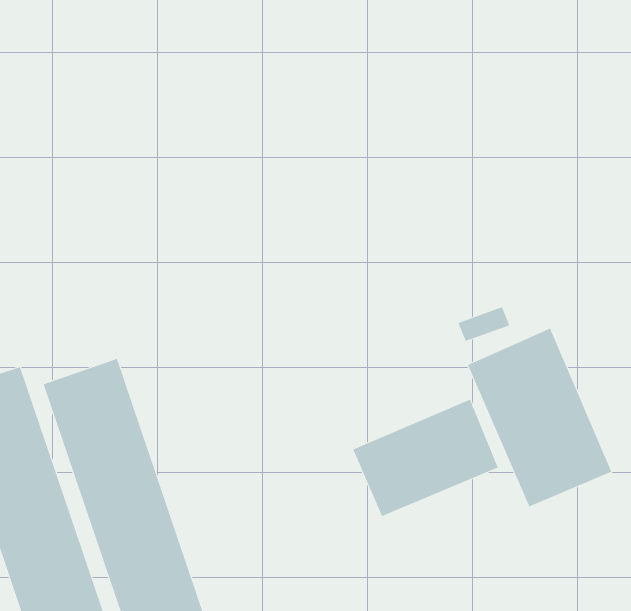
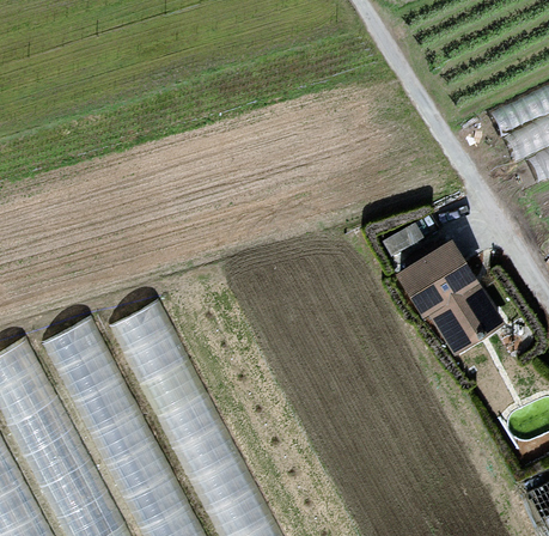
building: [353,399,499,517] -> none

